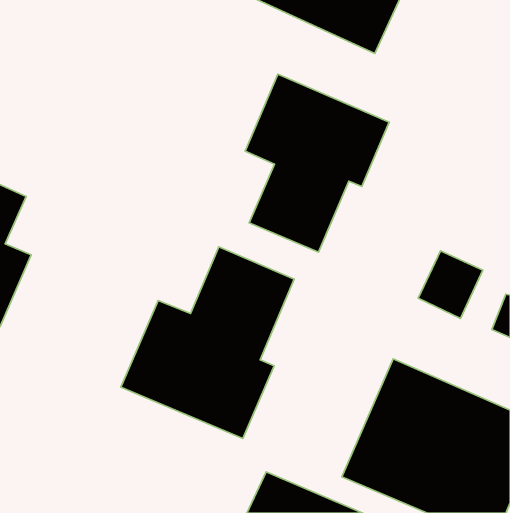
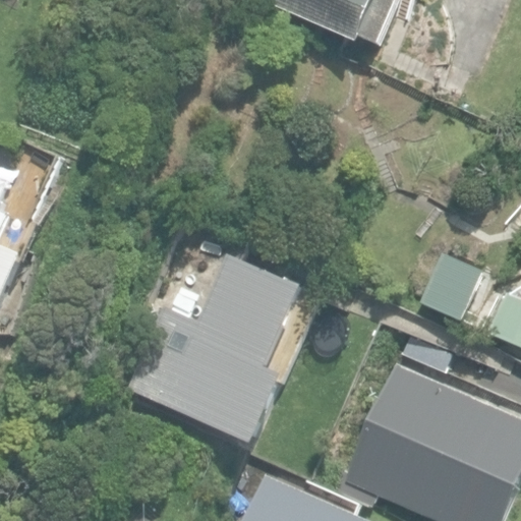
building: [245,74,389,252] -> none

